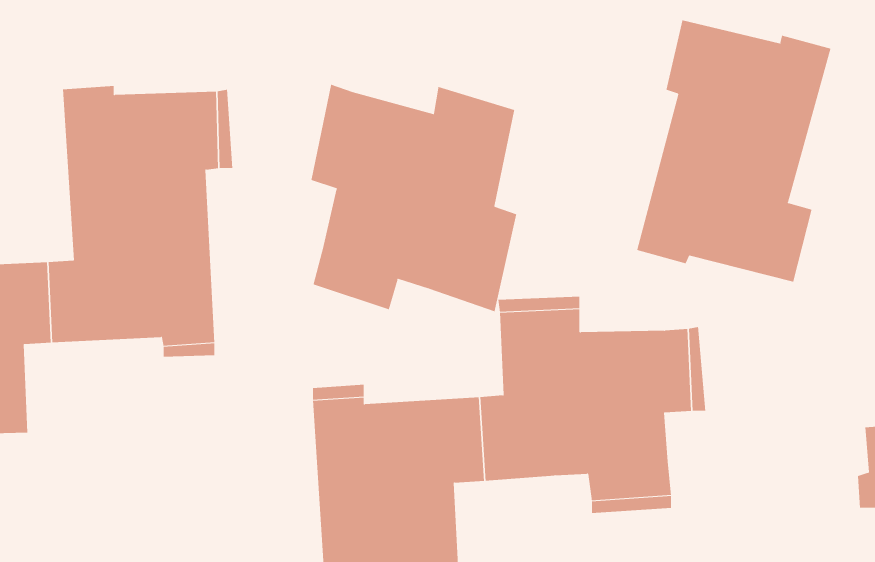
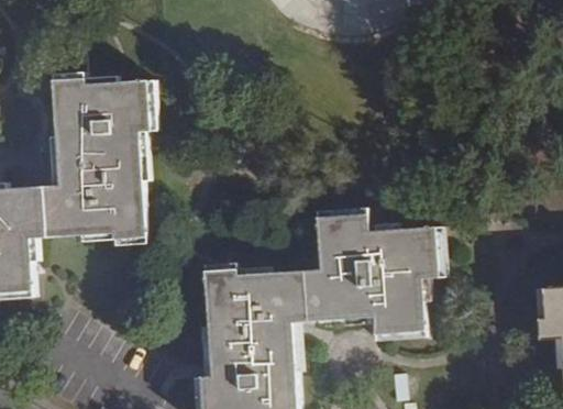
building: [637,20,831,283] -> none
building: [311,84,517,312] -> none

